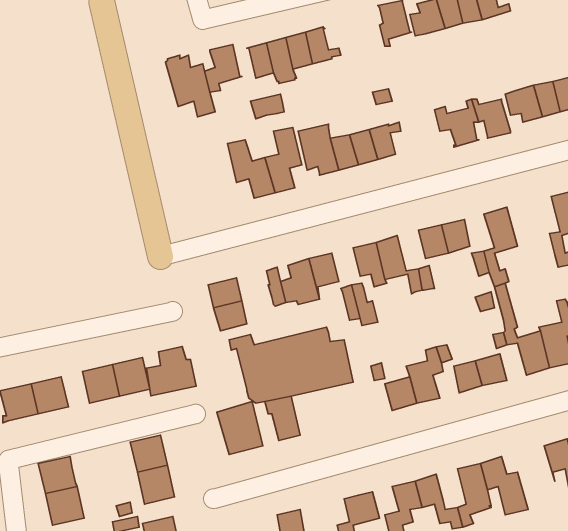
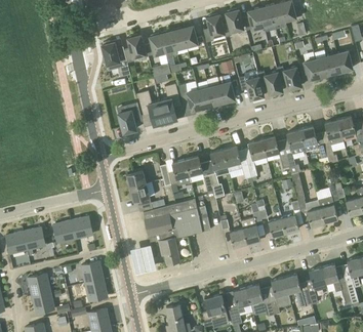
building: none -> [203,14,229,42]
building: none -> [239,70,264,99]
building: none -> [118,102,143,134]
building: none -> [299,126,327,159]
building: [147,347,196,396] -> none
building: none -> [306,267,327,304]

